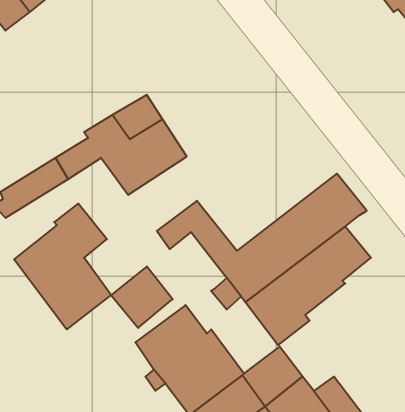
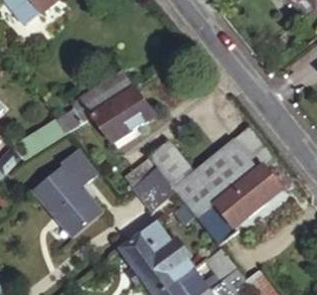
building: [111,266,173,328] -> [131,166,174,209]

